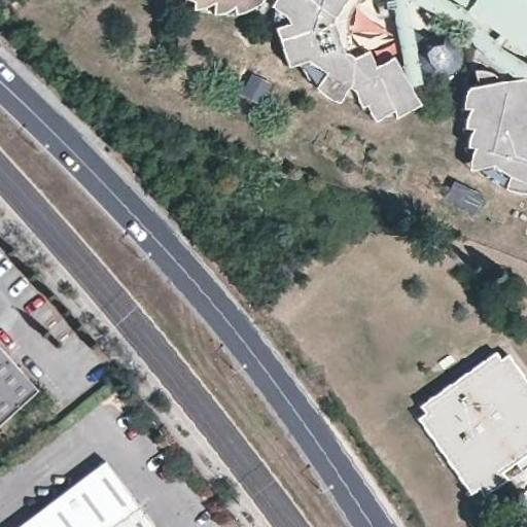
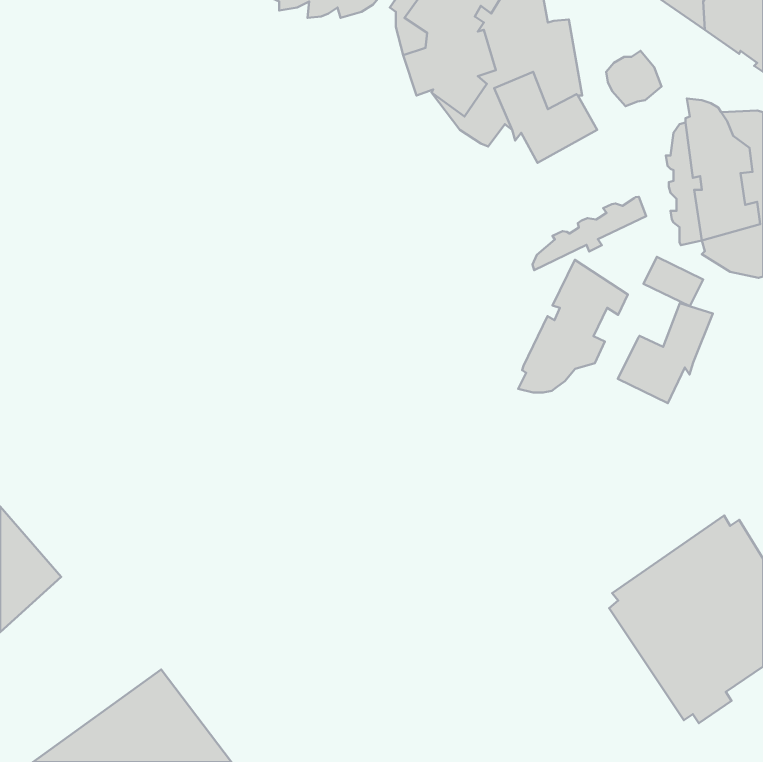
building: none -> [532,197,646,270]
building: none -> [518,260,628,393]
building: none -> [618,303,713,403]

